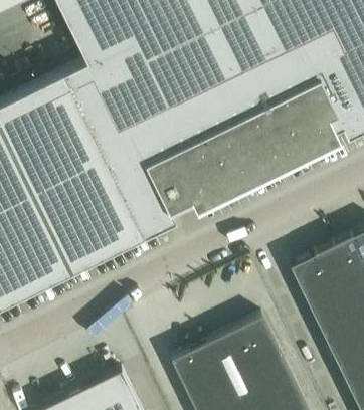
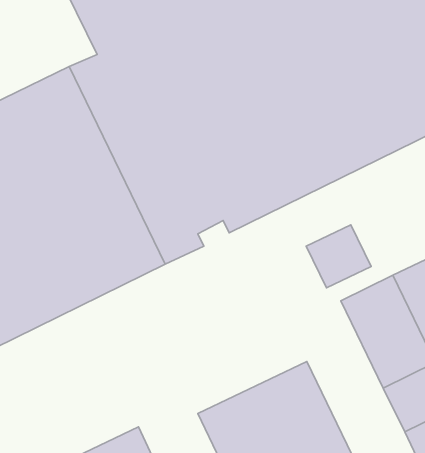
building: none -> [306,225,371,288]

